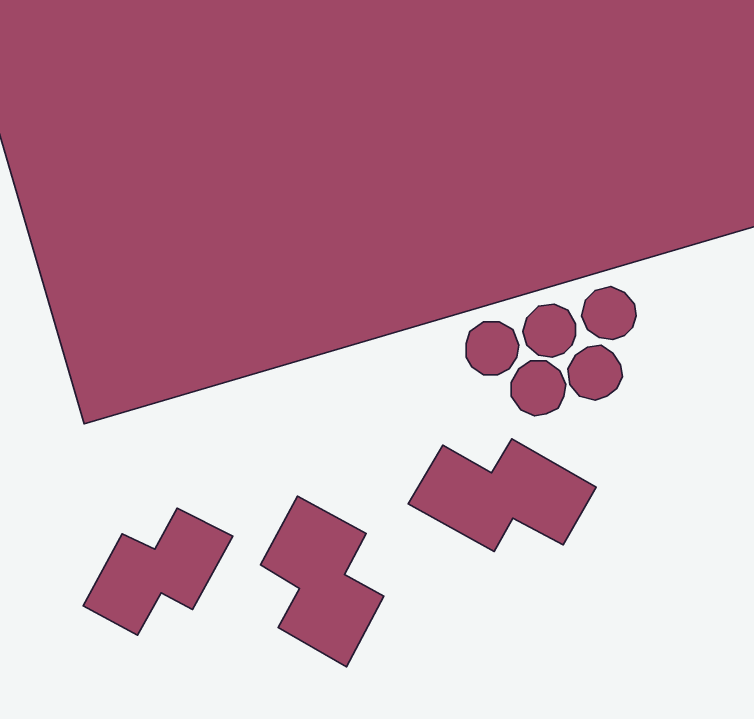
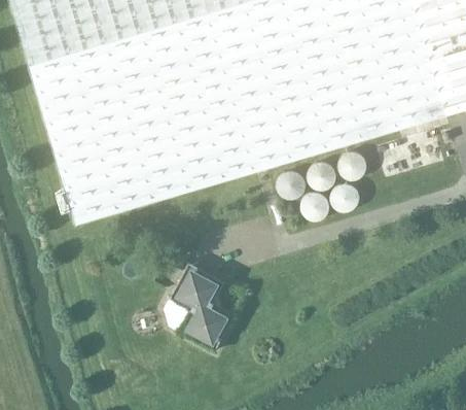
building: [408,439,596,551] -> none
building: [83,508,233,635] -> none

